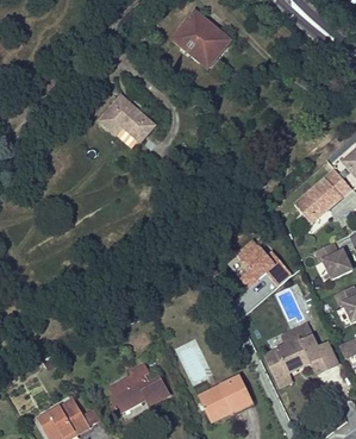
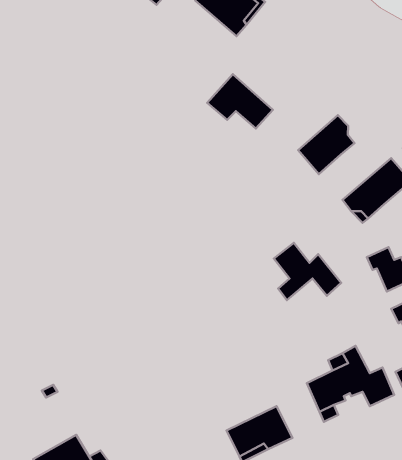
building: [99,96,154,142] -> [207,74,273,129]
building: none -> [298,115,354,174]
building: [108,363,169,414] -> none

